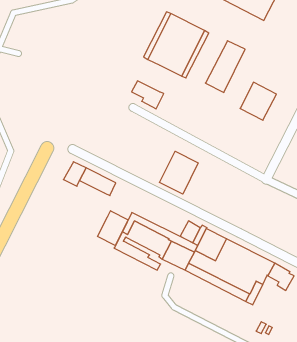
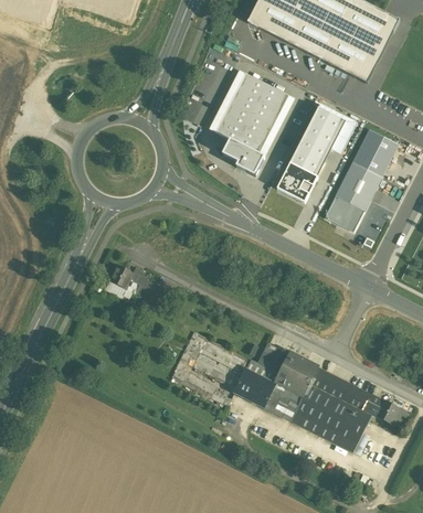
building: none -> [353,128,400,177]
building: [132,81,164,109] -> [223,139,265,175]
building: none -> [278,162,318,202]
building: none -> [326,195,366,231]
building: [159,151,198,194] -> none
building: [98,211,128,245] -> none

